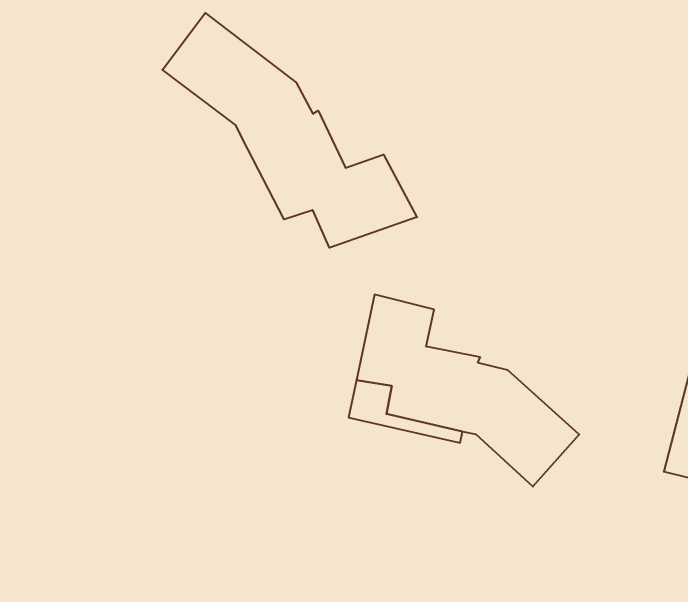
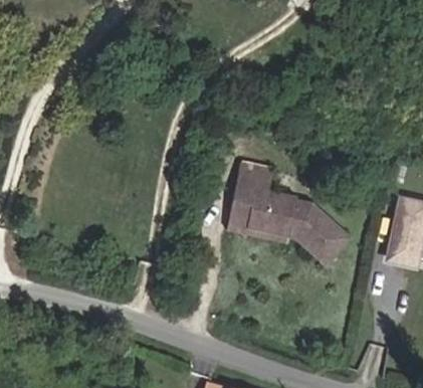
building: [162,13,417,248] -> none

